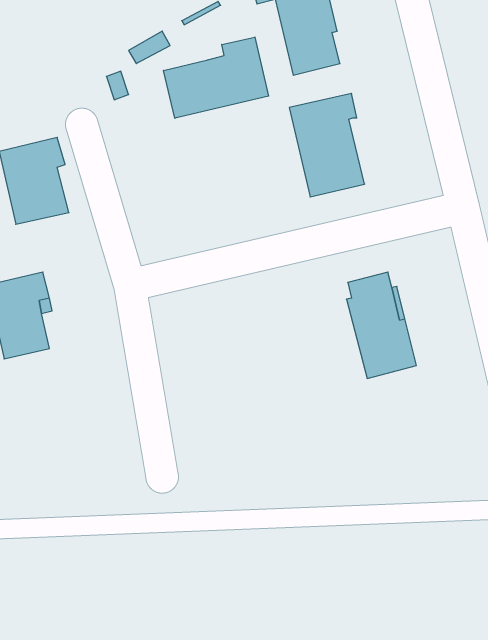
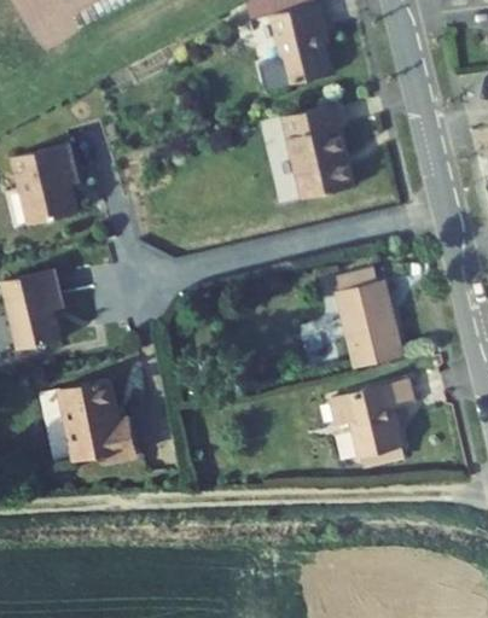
building: [164,37,269,118] -> none
building: none -> [59,379,136,462]
building: none -> [330,379,413,466]

